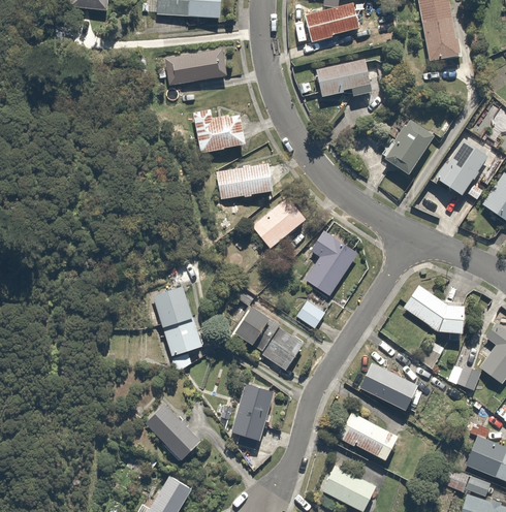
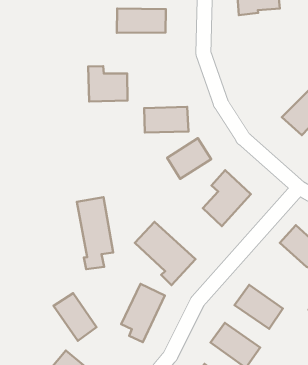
building: [315,59,374,98] -> none
building: [193,109,246,154] -> [88,66,127,101]
building: [294,296,327,329] -> none

